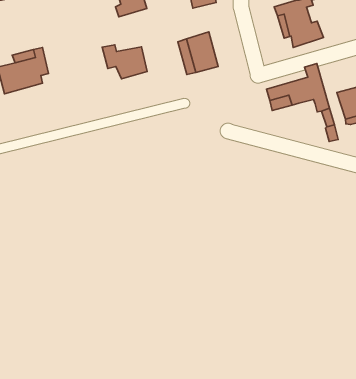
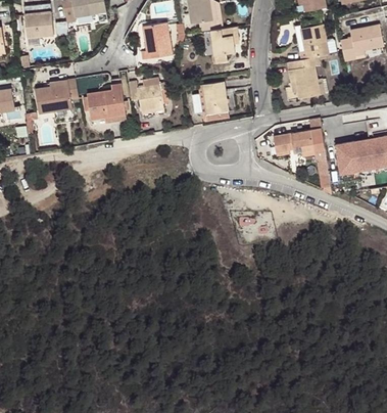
building: none -> [87,85,128,121]

